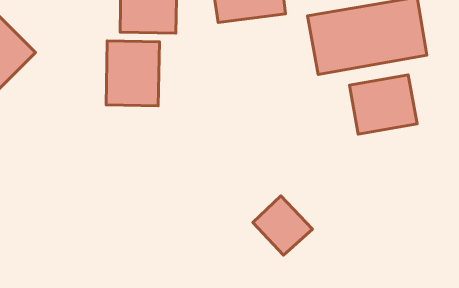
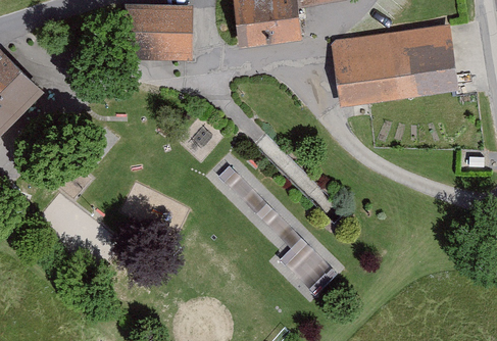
building: [106,41,159,106] -> none
building: [349,75,417,134] -> none

